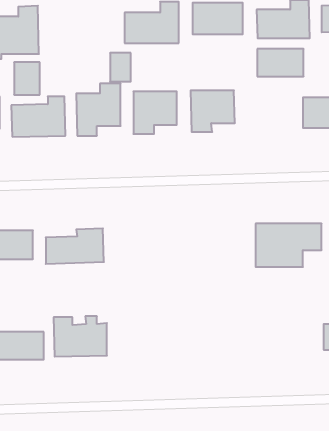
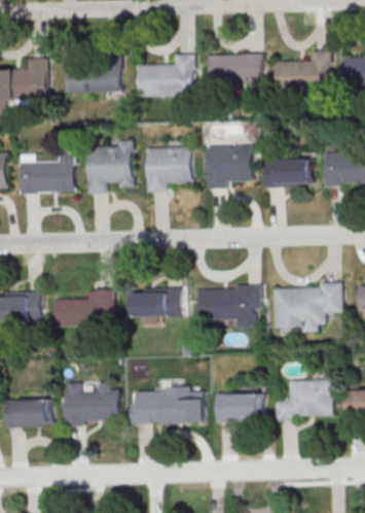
building: [257,49,304,76] -> [263,158,312,186]
building: [110,53,131,82] -> [100,66,121,96]
building: [14,62,40,95] -> [64,63,90,97]
building: none -> [198,285,260,327]
building: none -> [129,287,180,324]
building: none -> [275,378,332,419]
building: none -> [130,385,203,424]
building: none -> [215,392,263,421]

